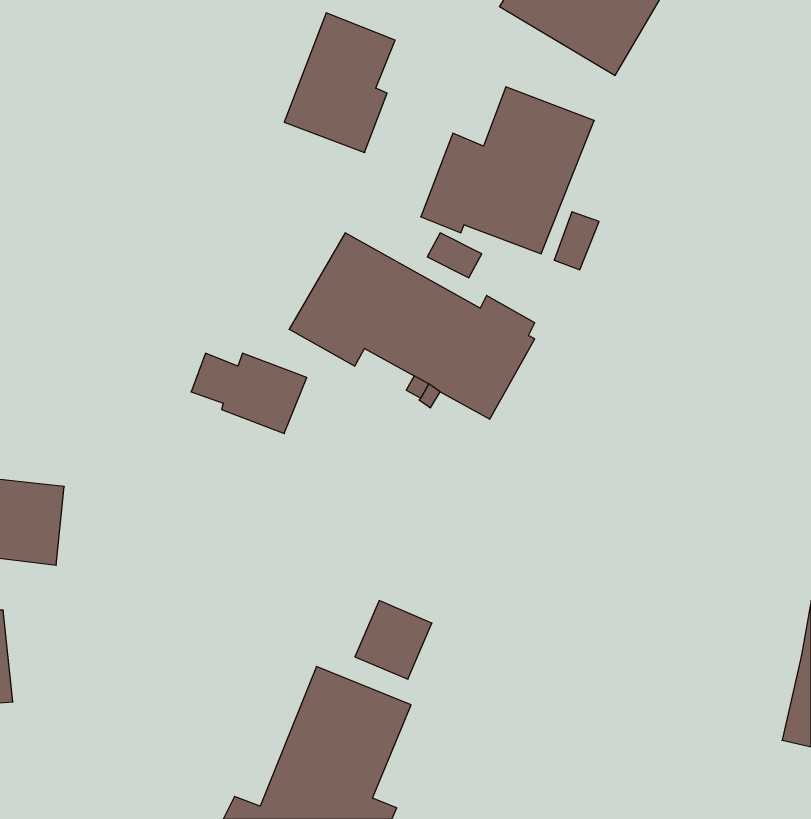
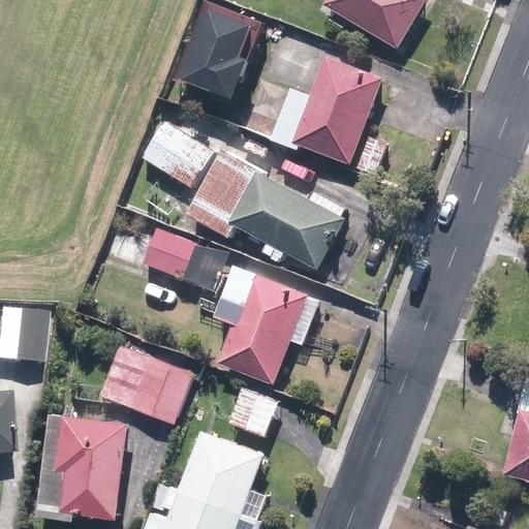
building: none -> [142,120,213,187]
building: none -> [215,264,318,384]
building: none -> [99,344,192,424]
building: none -> [36,413,127,520]

